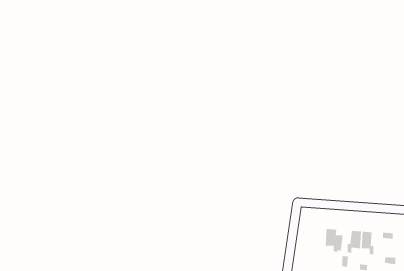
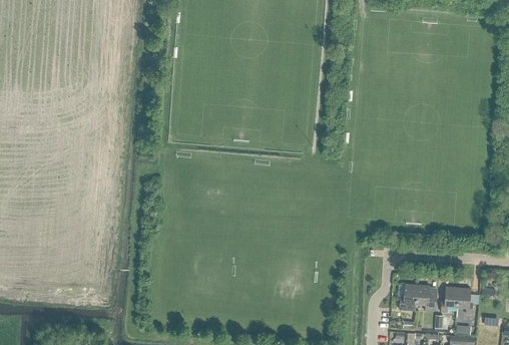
building: none -> [399,284,417,311]

